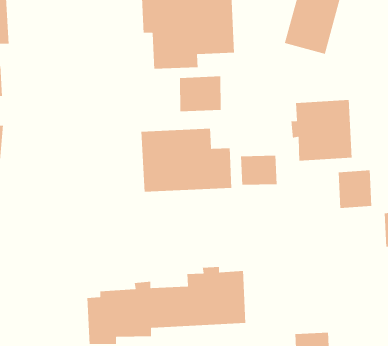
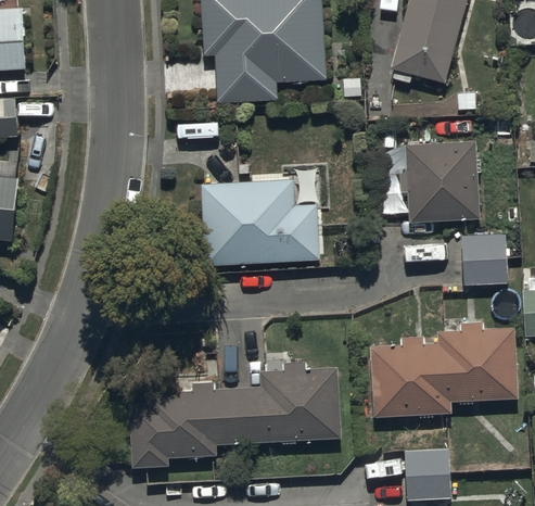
building: [179,75,222,112] -> none
building: [240,155,277,186] -> none
building: none -> [369,325,517,419]

